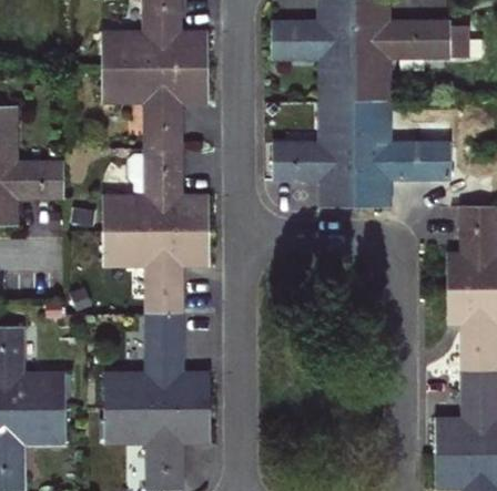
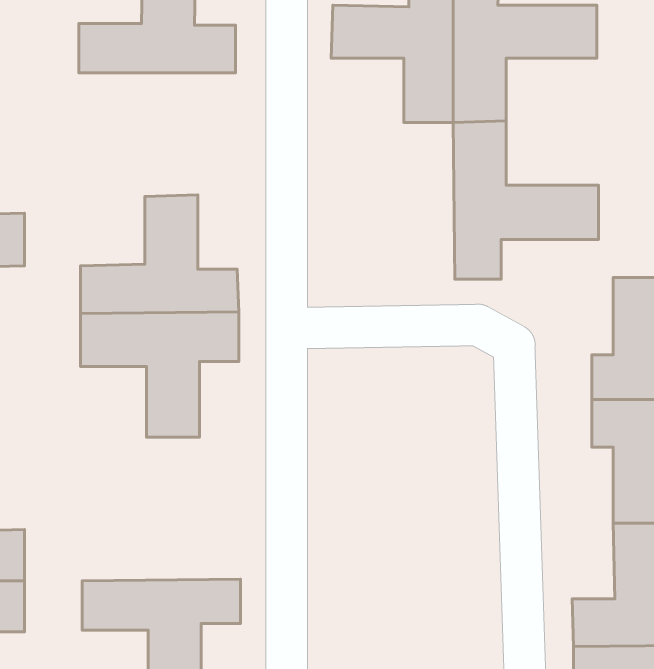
building: [102,68,207,151] -> none
building: [272,101,355,206] -> none
building: [104,313,211,409] -> none

